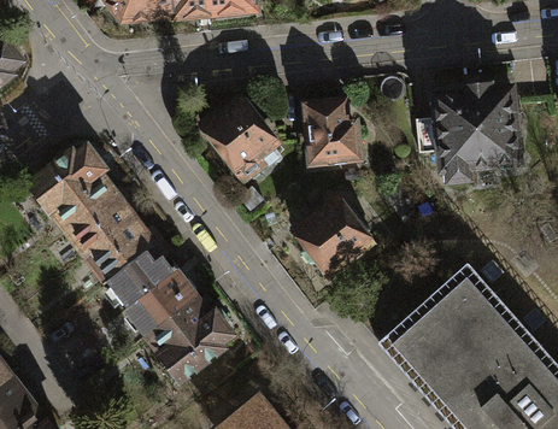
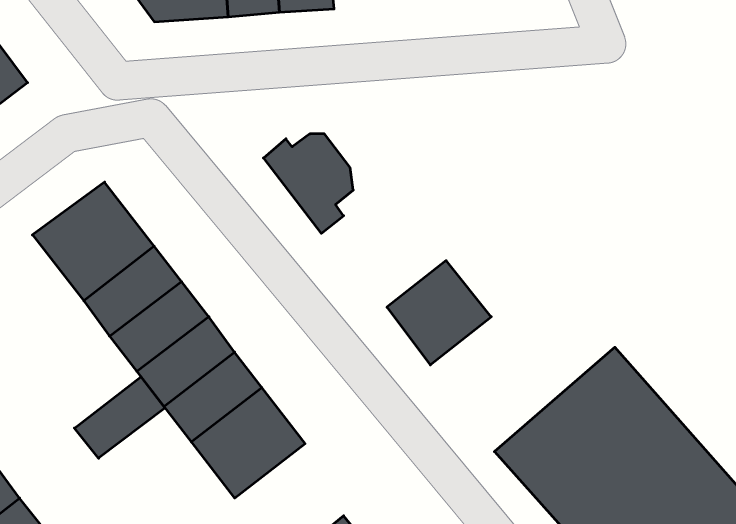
building: [417,80,521,182] -> none
building: [301,101,359,160] -> none
building: none -> [74,377,165,458]

